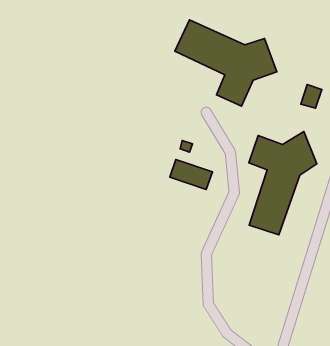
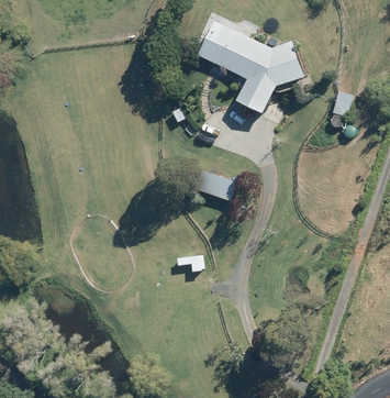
building: [249,132,317,235] -> none

